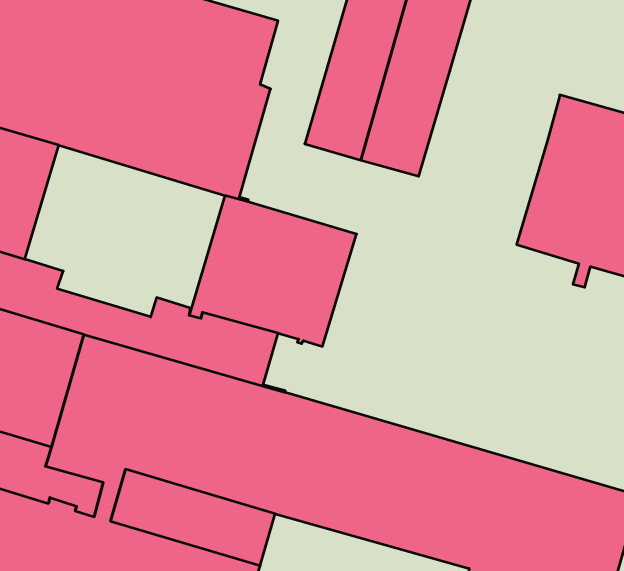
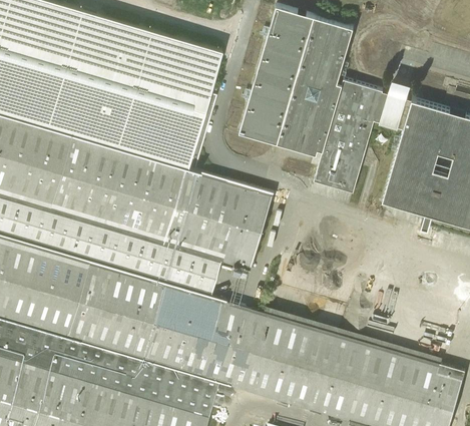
building: none -> [314,79,411,192]
building: none -> [49,133,184,250]

